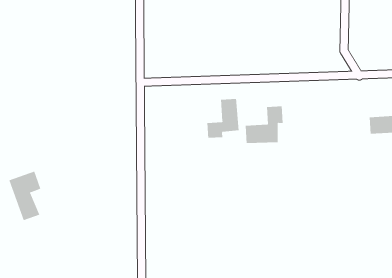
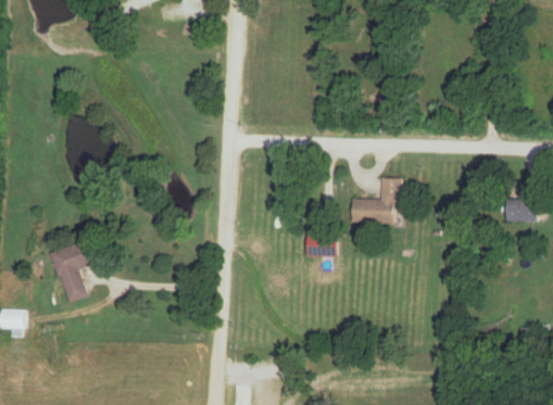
building: [207,98,239,139] -> none

